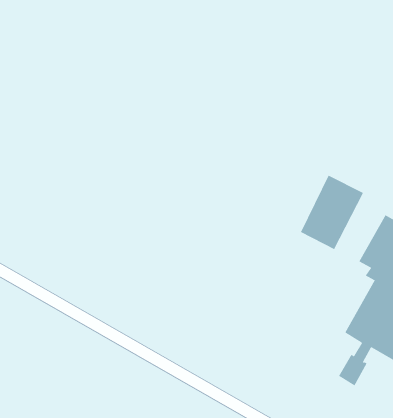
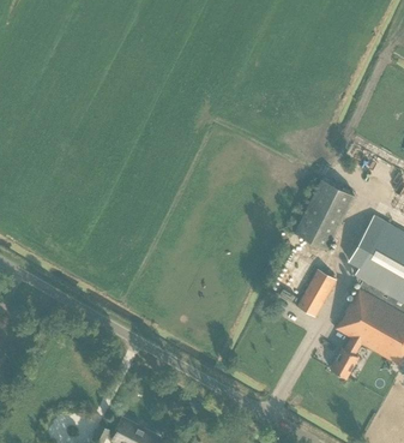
building: none -> [296,269,336,316]

